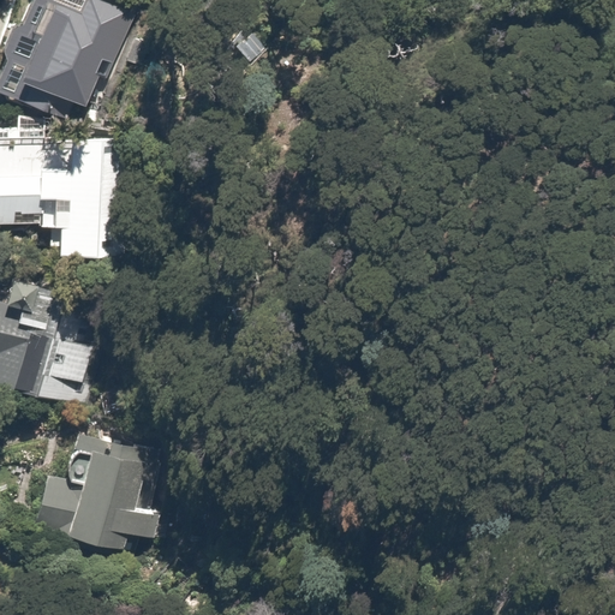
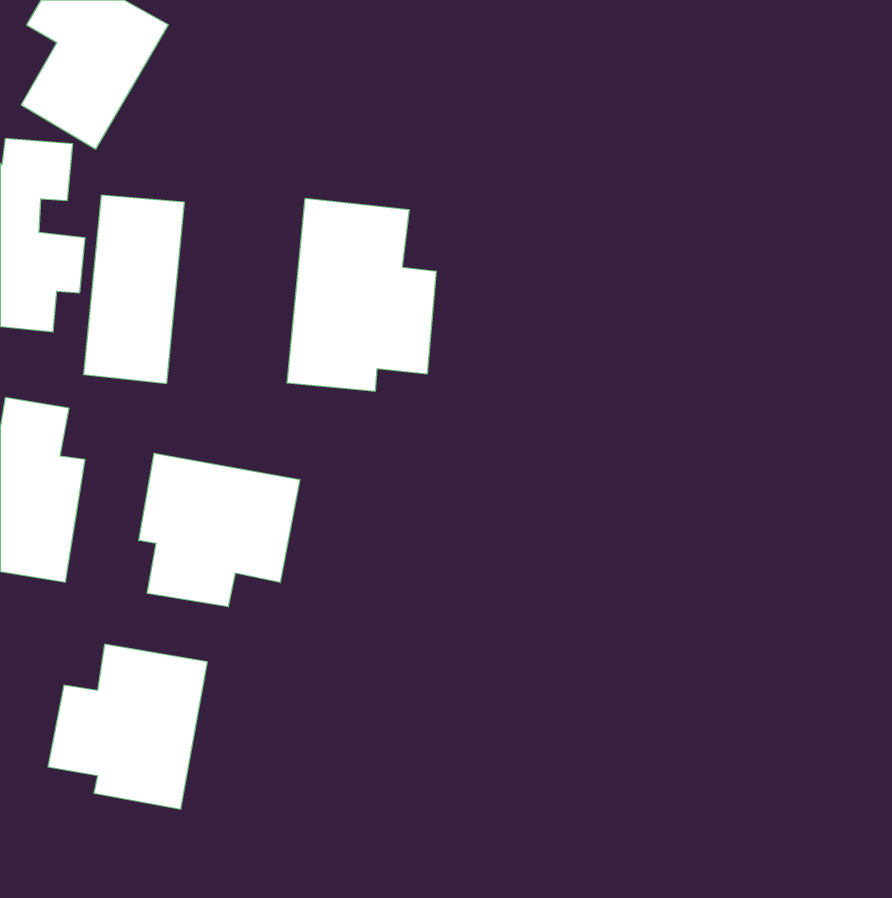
building: none -> [287,198,436,391]
building: none -> [139,453,300,607]

